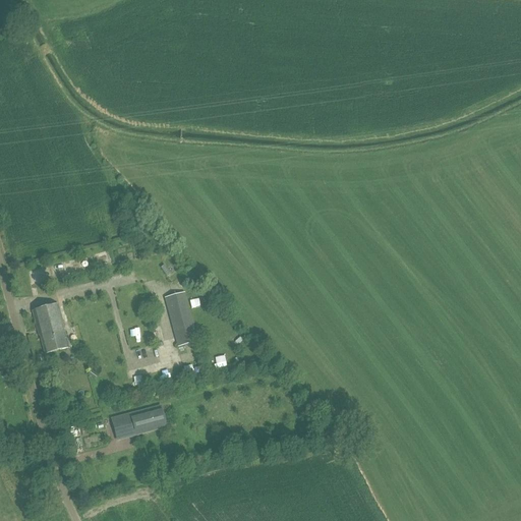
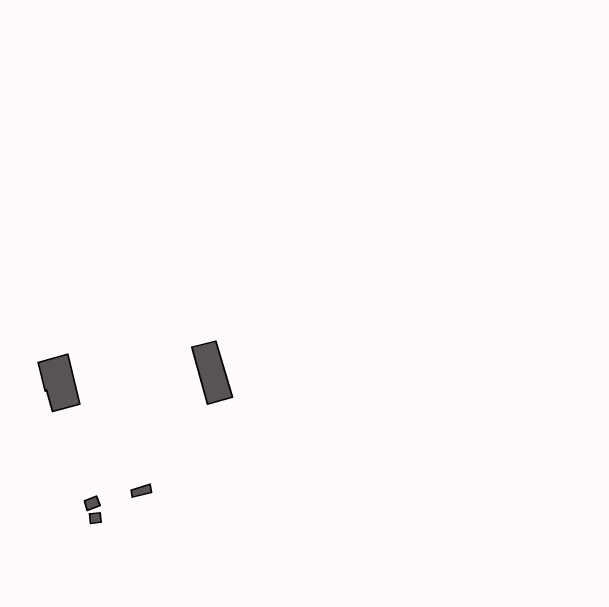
building: [130,405,166,432] -> none

